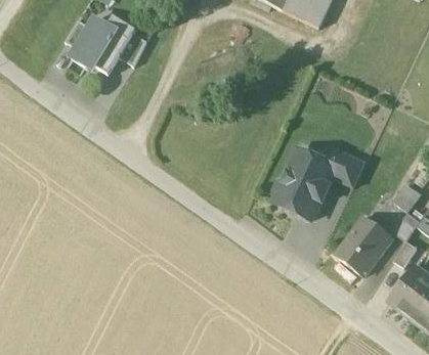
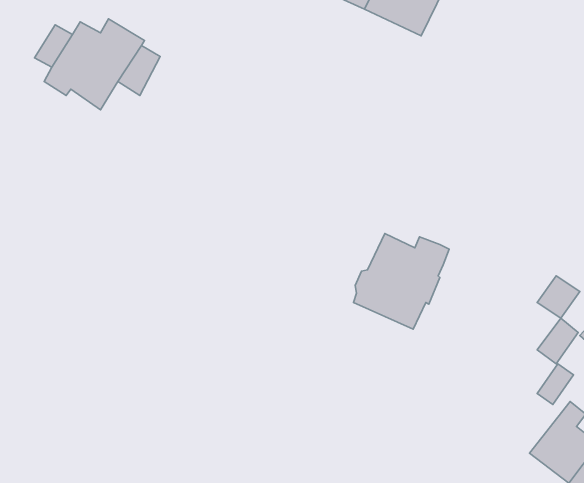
building: [330,149,364,186] -> none
building: [336,218,392,276] -> none

